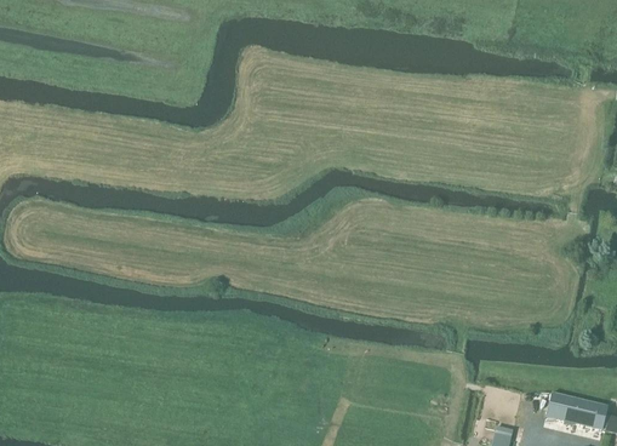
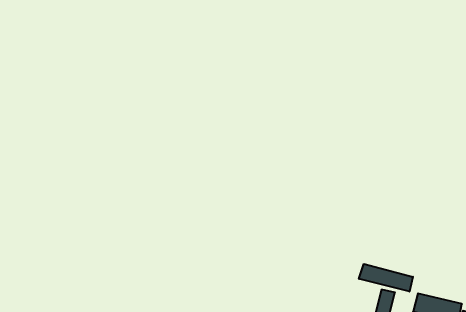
building: none -> [359,264,413,292]

